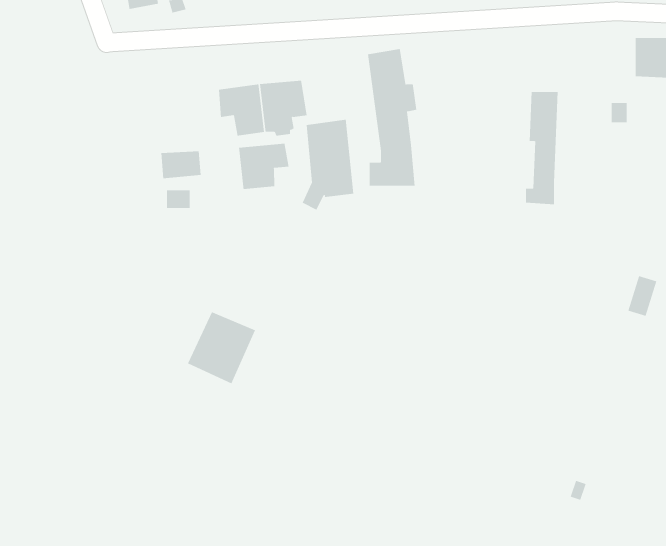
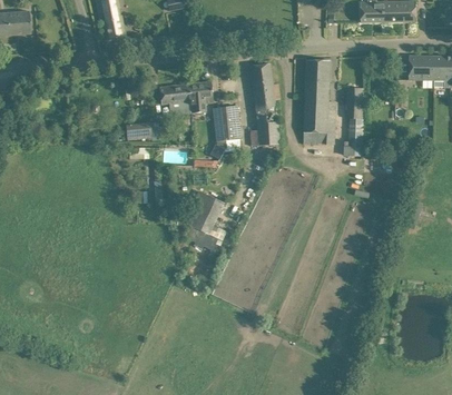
building: none -> [306,59,337,145]
building: [238,143,289,190] -> none
building: [187,312,256,384] -> [183,191,224,235]

